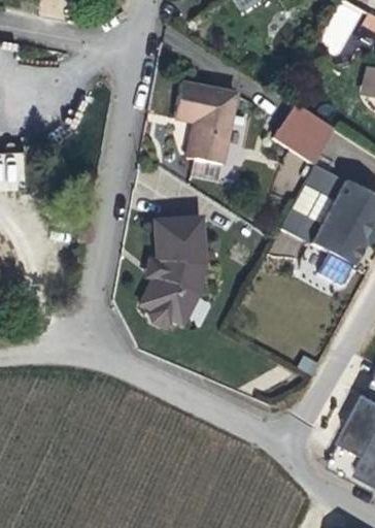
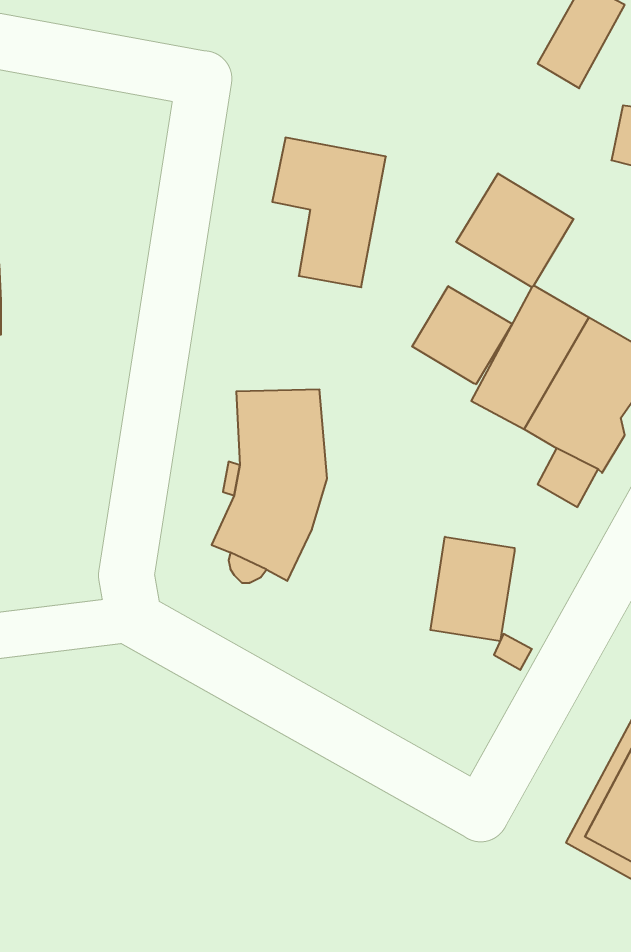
building: none -> [412,286,512,384]
building: none -> [430,537,515,641]

